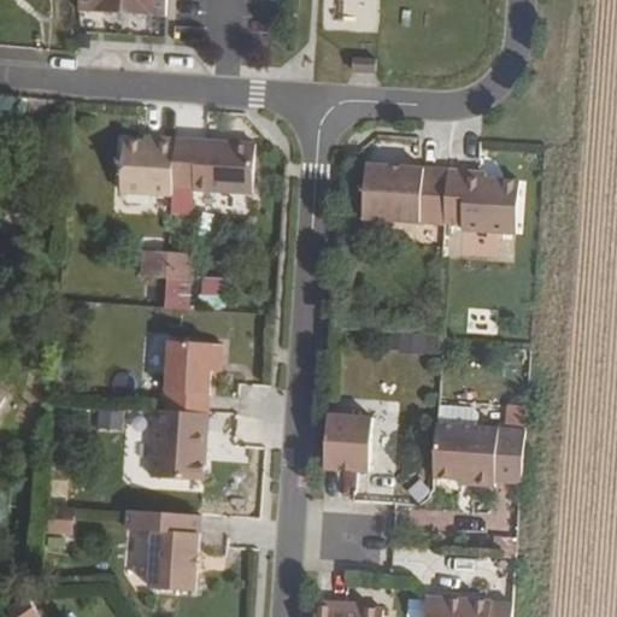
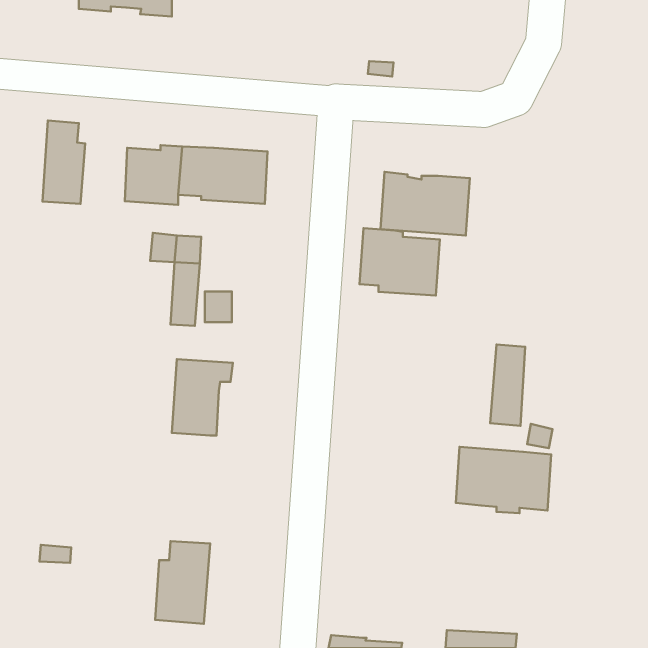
building: none -> [43,121,85,204]
building: [441,169,517,233] -> [360,228,440,296]
building: none -> [490,344,525,426]
building: [322,407,370,471] -> none
building: [148,409,204,480] -> none

